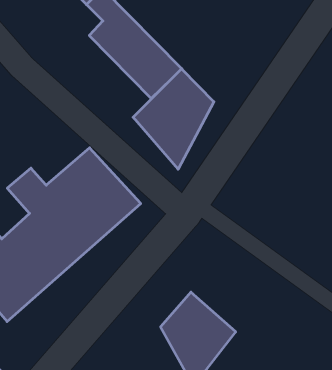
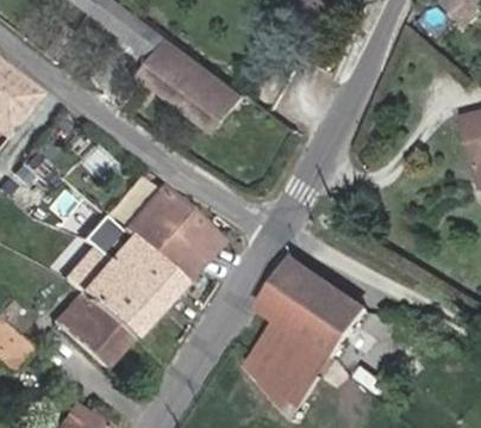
building: [133,69,214,169] -> none
building: none -> [257,255,363,355]

